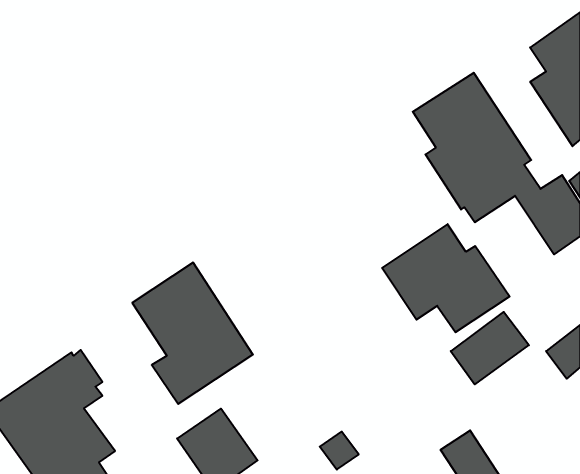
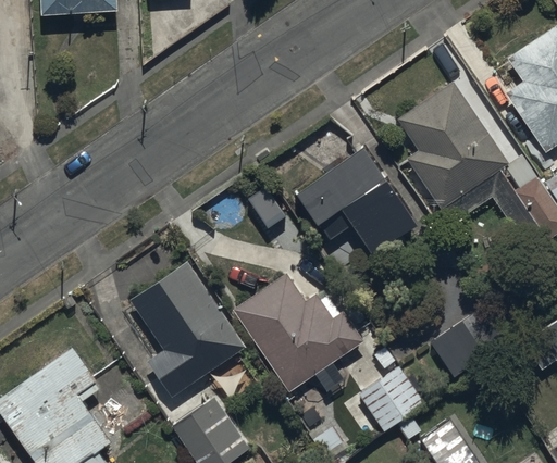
building: [382,224,510,332] -> [301,148,422,250]
building: none -> [233,272,363,391]
building: none -> [349,368,425,442]

